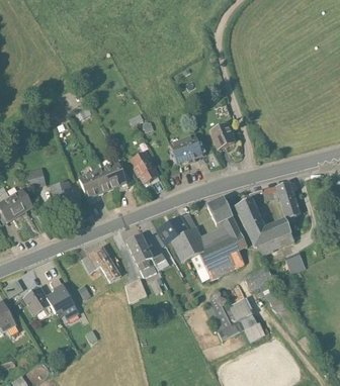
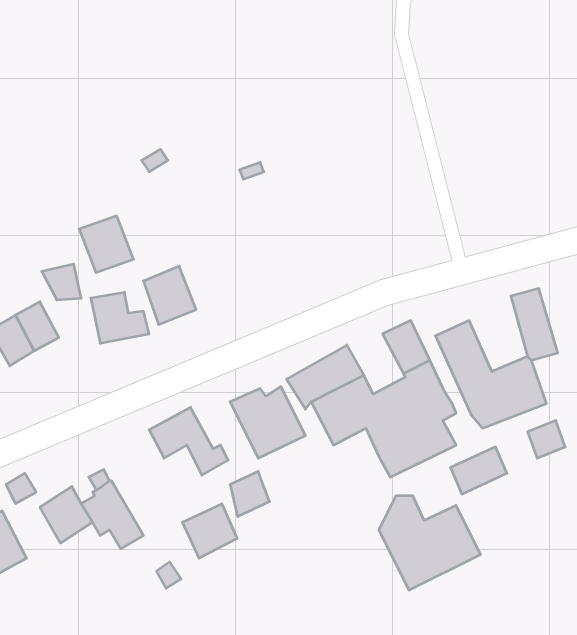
building: [208,120,239,150] -> none
building: [169,131,204,165] -> none
building: [130,151,160,185] -> none
building: [98,161,128,191] -> [79,216,134,273]
building: none -> [183,504,237,558]

